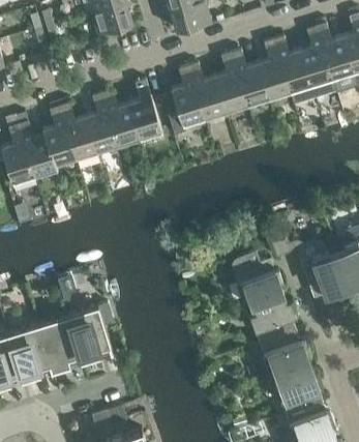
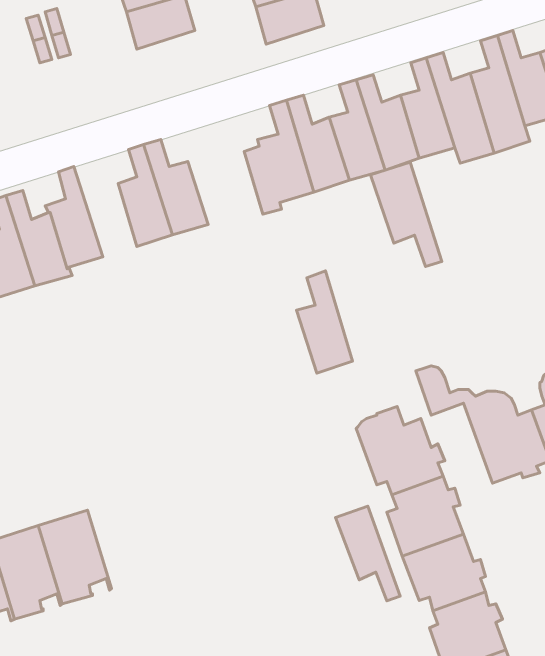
building: [128,79,162,141] -> [297,271,353,373]
building: [59,102,97,160] -> none
building: none -> [370,162,442,267]
building: [67,303,114,362] -> none
building: none -> [336,506,400,601]

